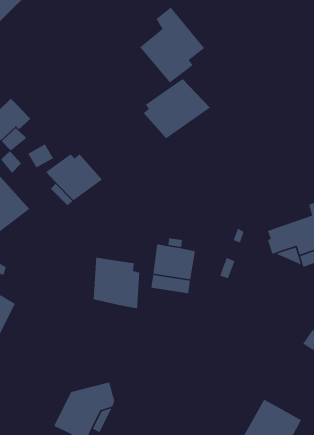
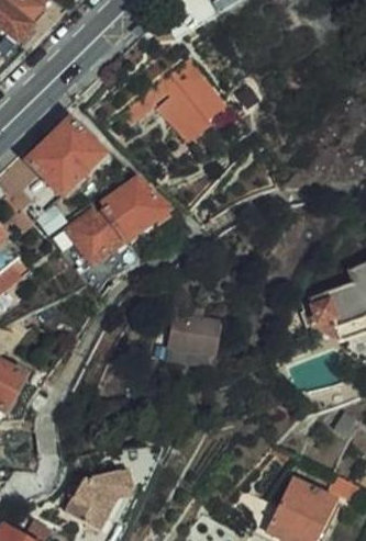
building: none -> [25,120,102,195]
building: [143,78,211,139] -> [93,177,167,243]
building: [93,257,140,309] -> none

